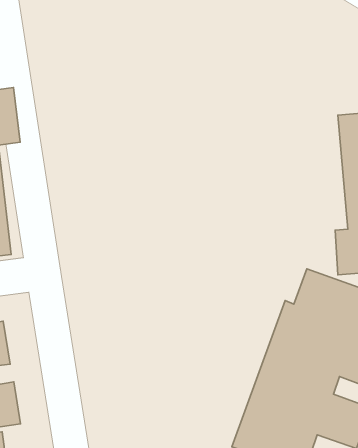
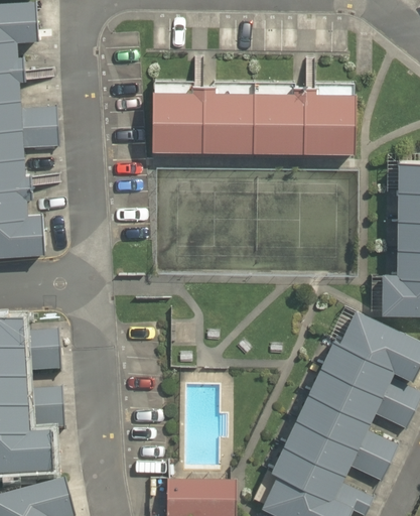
building: none -> [174,97,370,155]

